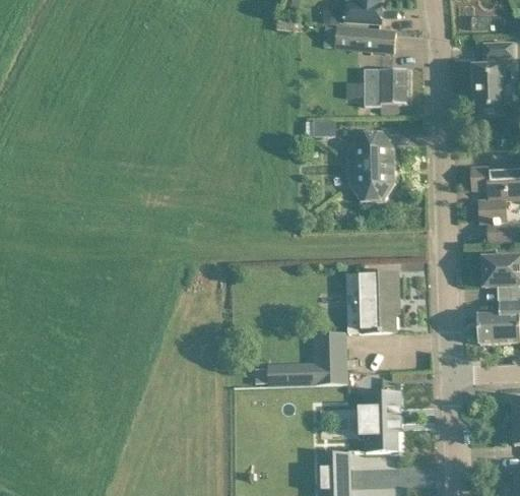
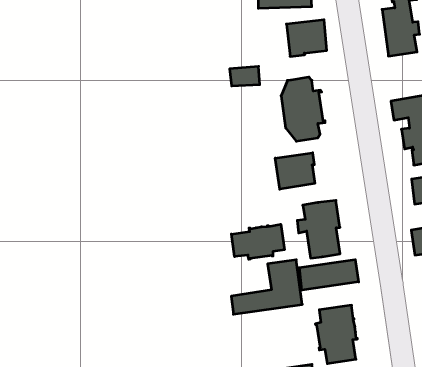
building: none -> [275,153,315,189]
building: none -> [231,224,284,259]
building: none -> [299,260,359,290]

